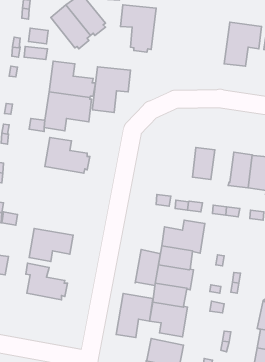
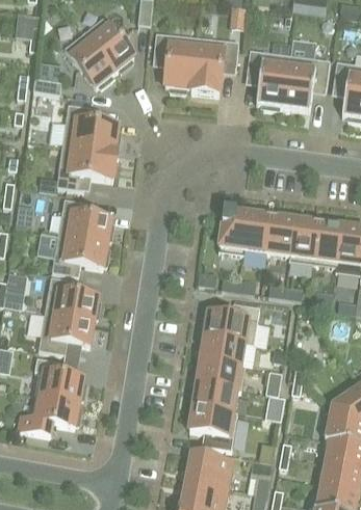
building: none -> [247,49,290,108]
building: [92,67,131,112] -> [191,36,239,93]
building: none -> [218,208,248,248]
building: none -> [266,214,295,254]
building: none -> [52,235,110,275]
building: none -> [45,276,101,321]
building: [135,249,161,285] -> none
building: none -> [19,394,81,434]
building: [116,293,153,338] -> none

